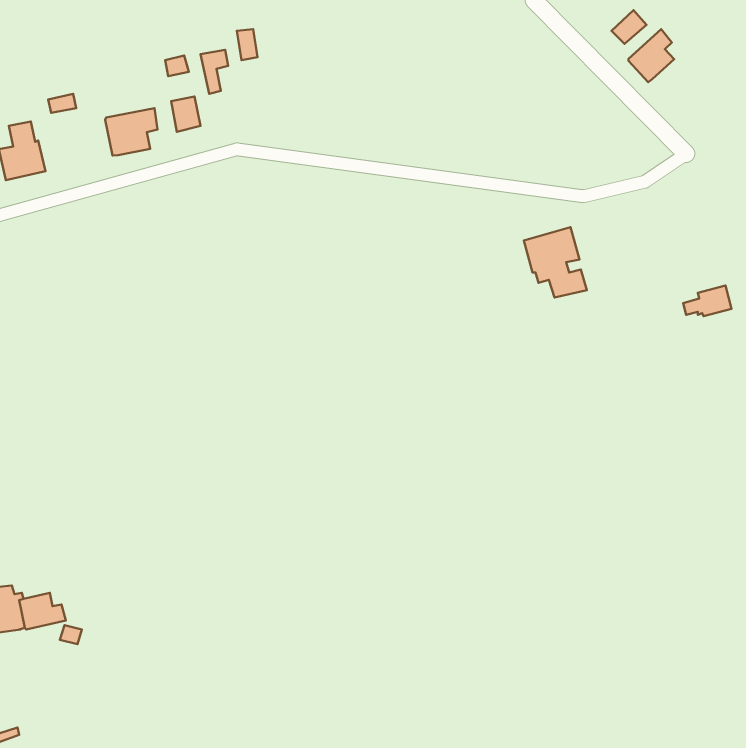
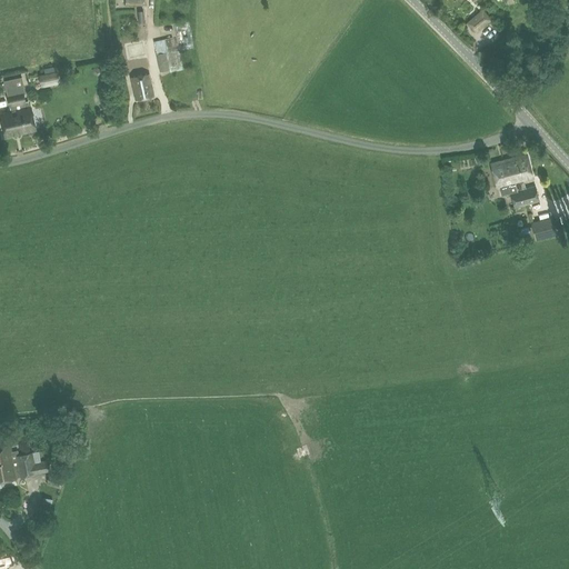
building: [628,29,674,82] -> none
building: [105,108,157,156] -> none
building: [524,227,587,297] -> [490,153,538,207]

